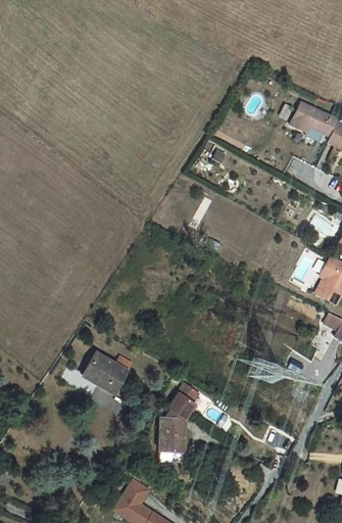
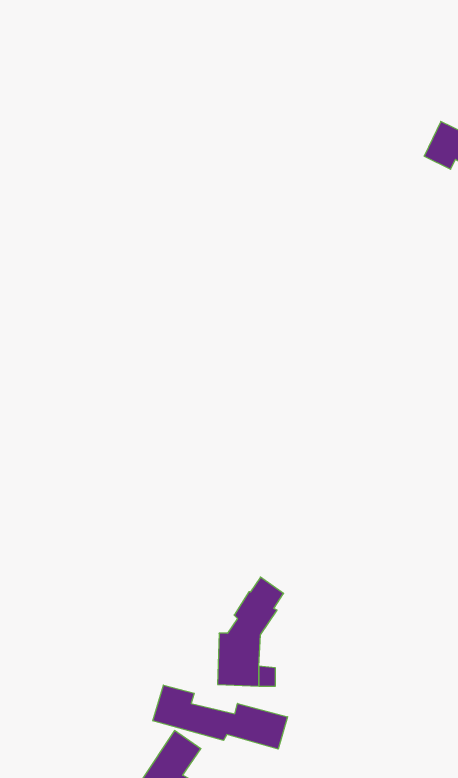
building: [83,352,126,388] -> none
building: none -> [153,685,288,749]

